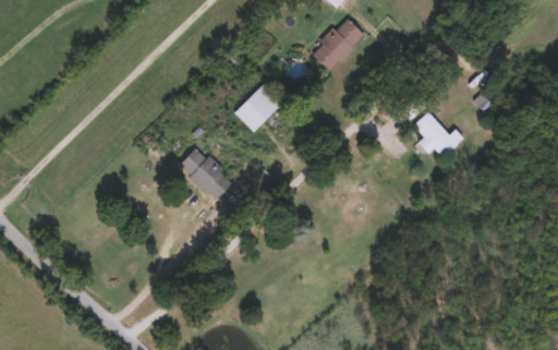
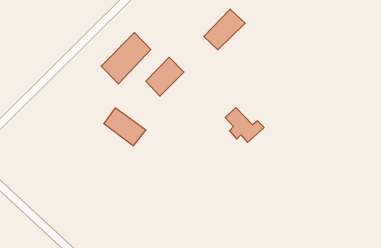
building: none -> [101,33,151,84]
building: [413,111,464,157] -> [225,108,264,142]

